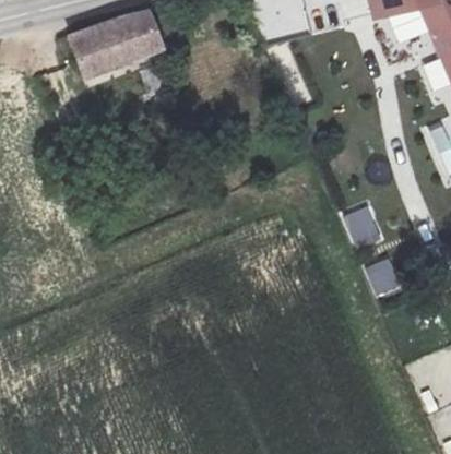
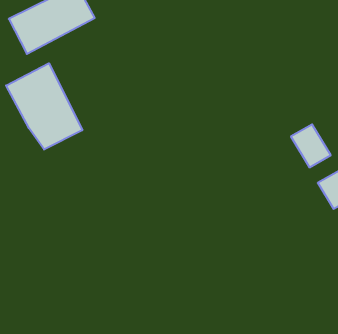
building: none -> [6,63,82,150]

